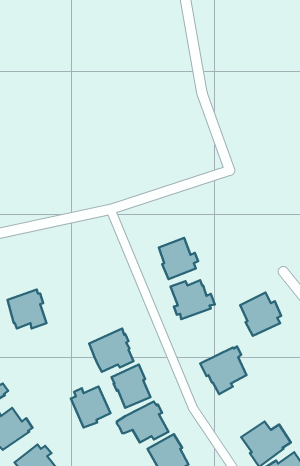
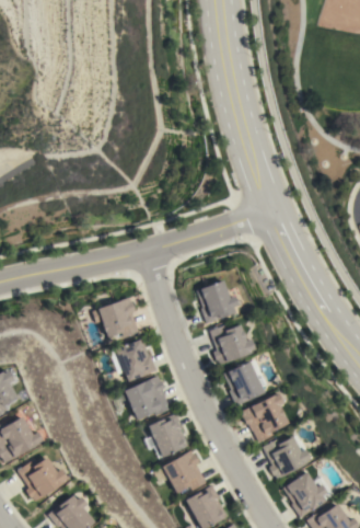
building: [7,289,46,328] -> [98,297,139,337]
building: [240,293,281,336] -> [223,360,266,405]
building: none -> [111,338,156,381]
building: none -> [262,434,311,479]
building: [71,386,110,428] -> none

